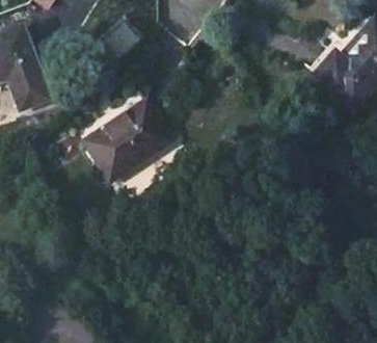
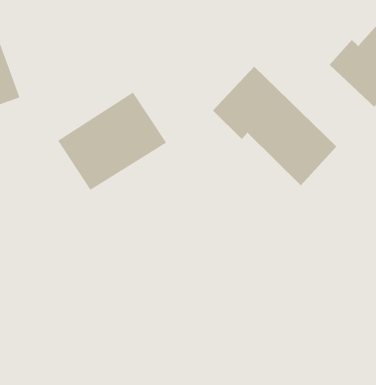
building: none -> [212,66,337,186]

